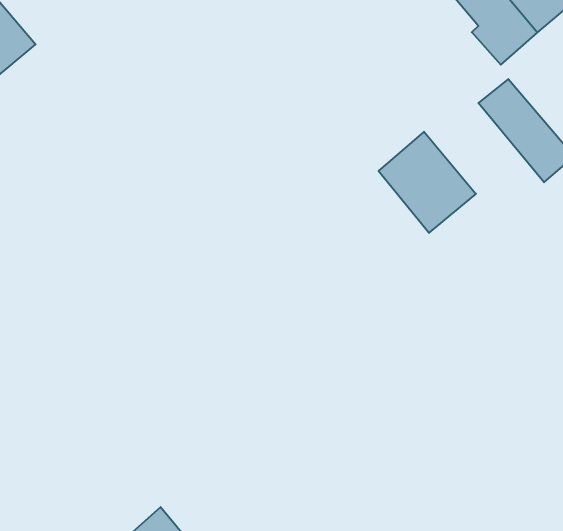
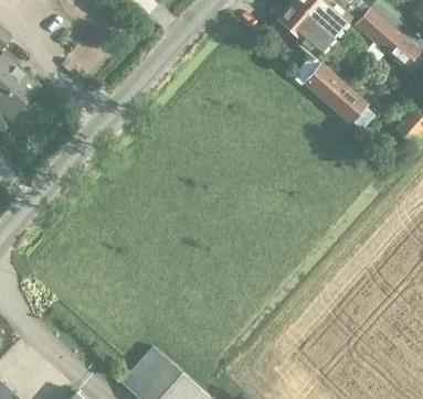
building: [379,132,476,233] -> none

